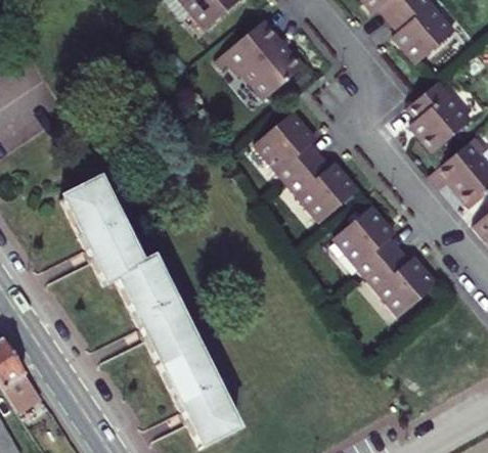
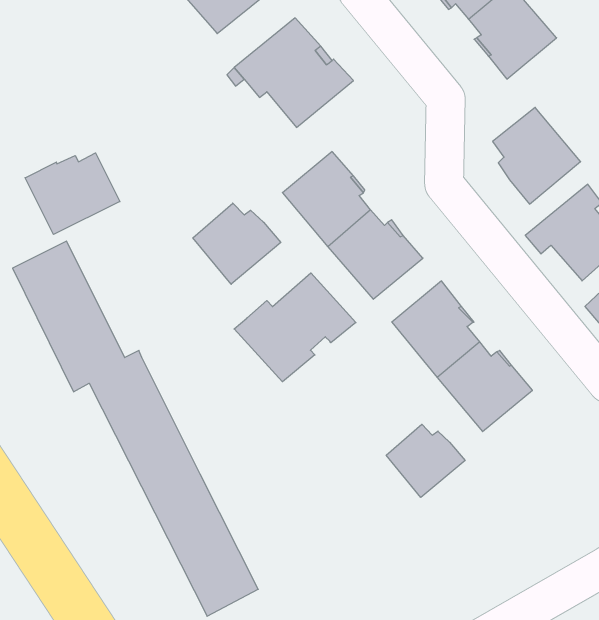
building: none -> [25,153,120,234]
building: none -> [193,203,281,284]
building: none -> [234,273,356,382]
building: none -> [386,424,465,497]

